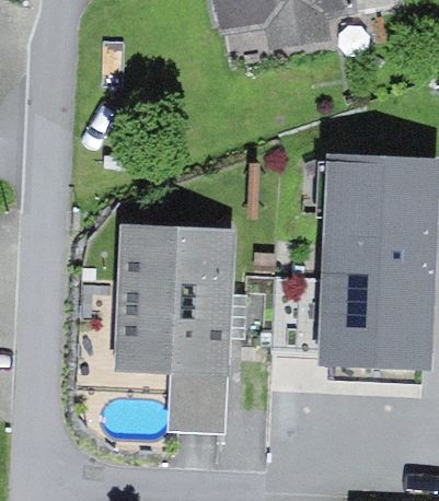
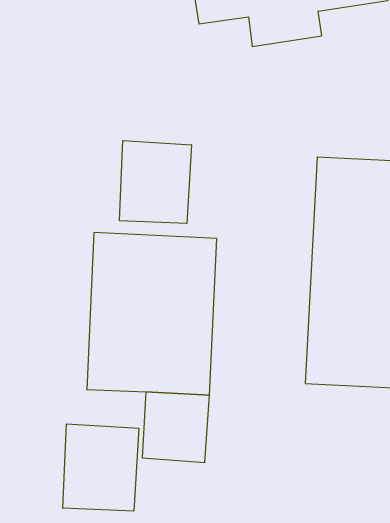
building: none -> [119,141,191,223]
building: none -> [63,424,139,511]

